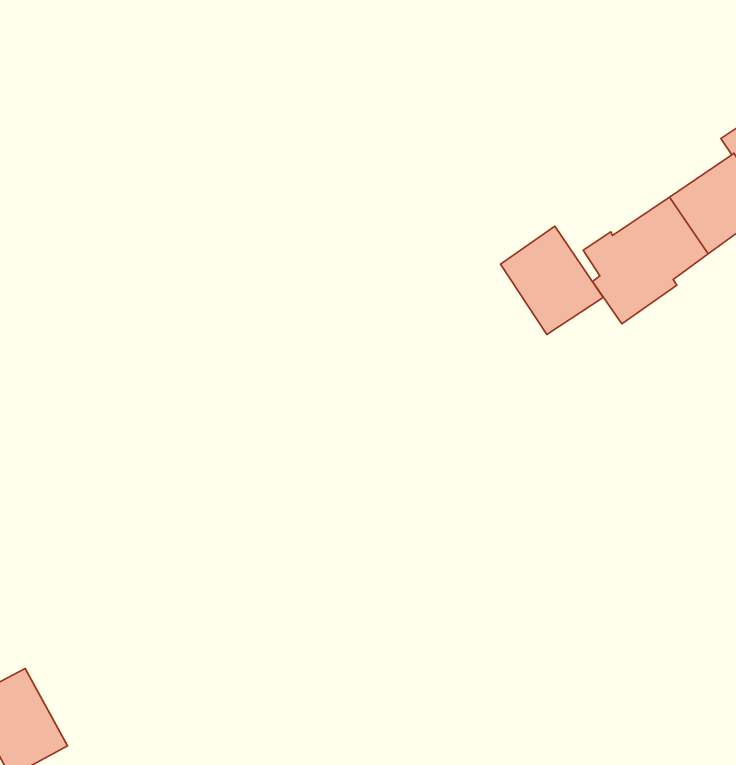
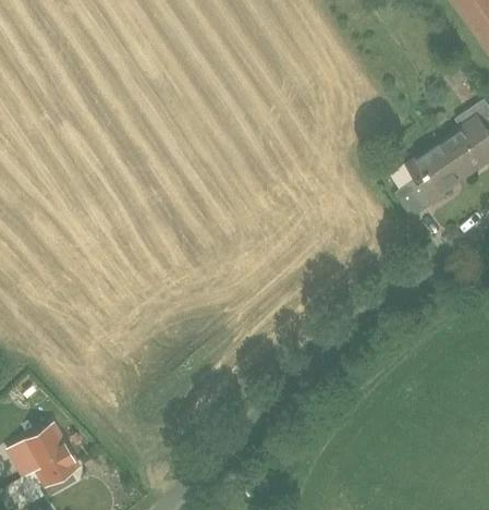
building: [500,226,603,335] -> none

